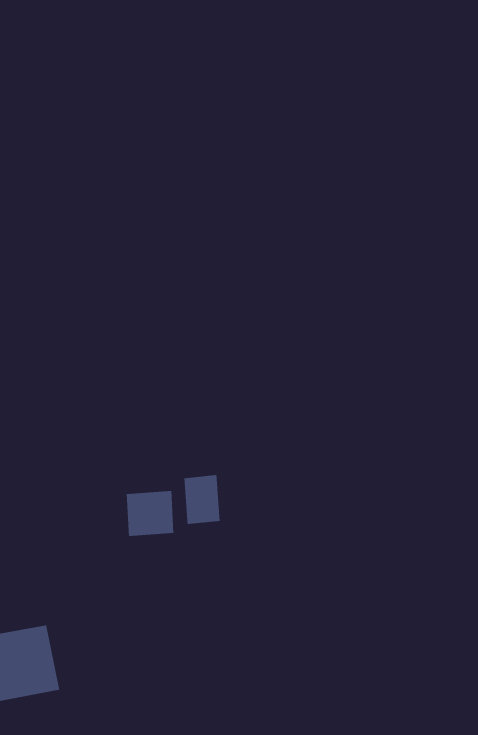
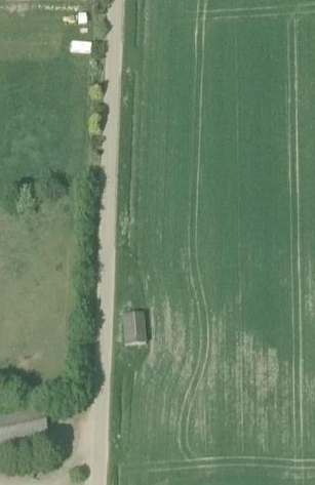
building: [126,490,174,537] -> none

